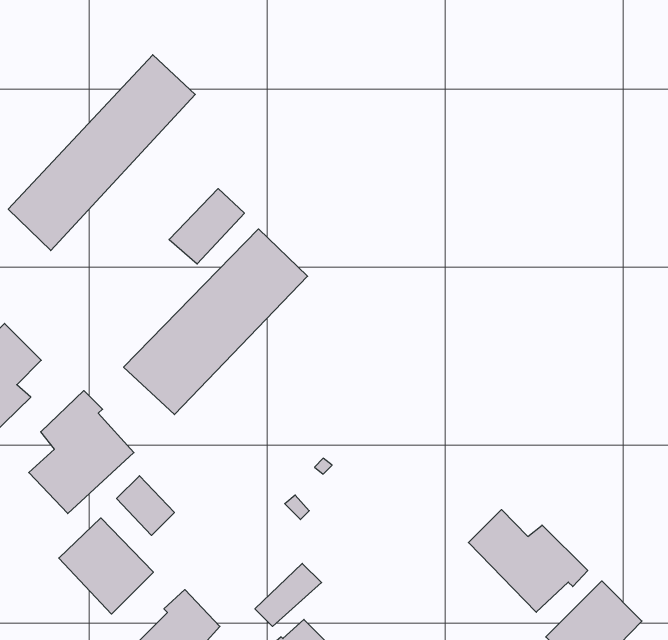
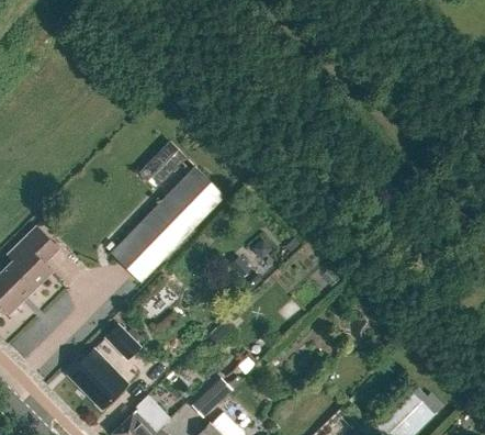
building: [8,55,195,251] -> none
building: [29,391,134,514] -> none
building: [468,510,588,612] -> none

